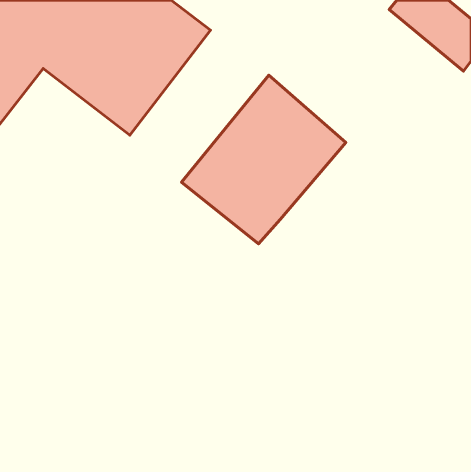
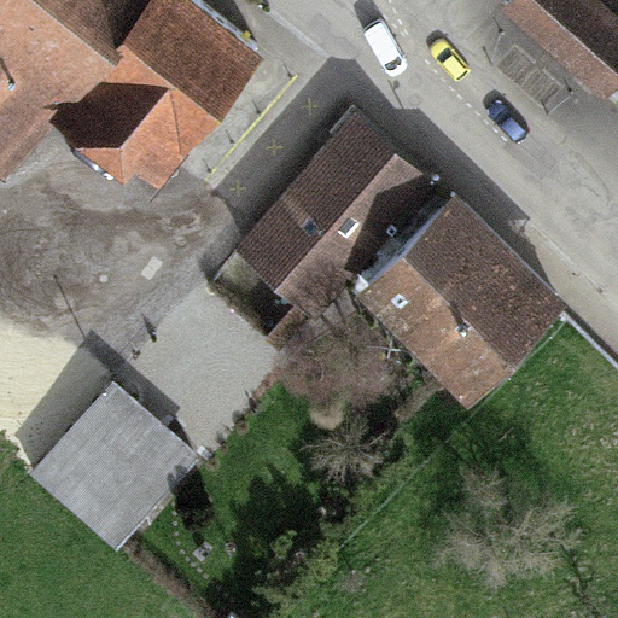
building: none -> [360,193,576,404]
building: none -> [22,396,180,554]

